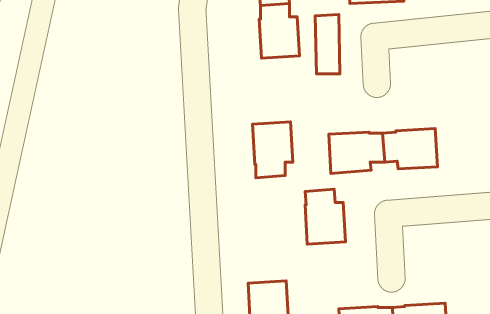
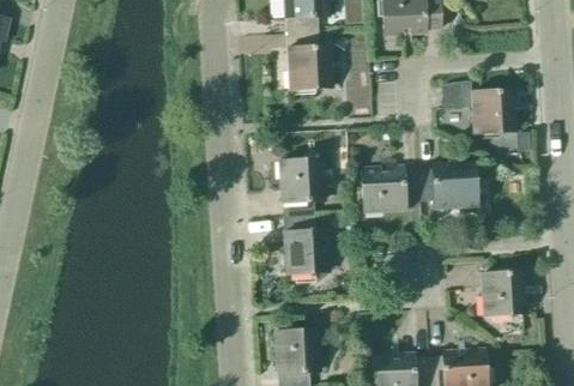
building: none -> [440,79,513,134]
building: [305,189,345,244] -> [282,216,325,275]
building: none -> [479,271,524,316]

